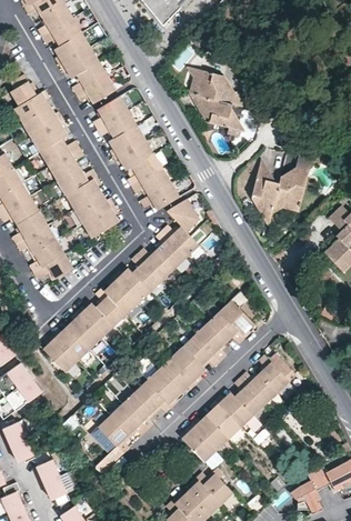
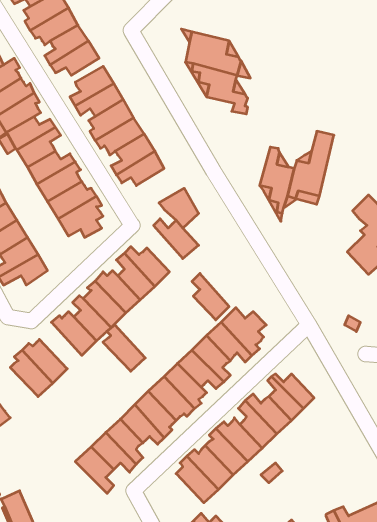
building: [139,181,180,210] -> none
building: [156,229,187,268] -> [192,273,229,320]
building: [67,310,102,349] -> [103,325,145,371]

